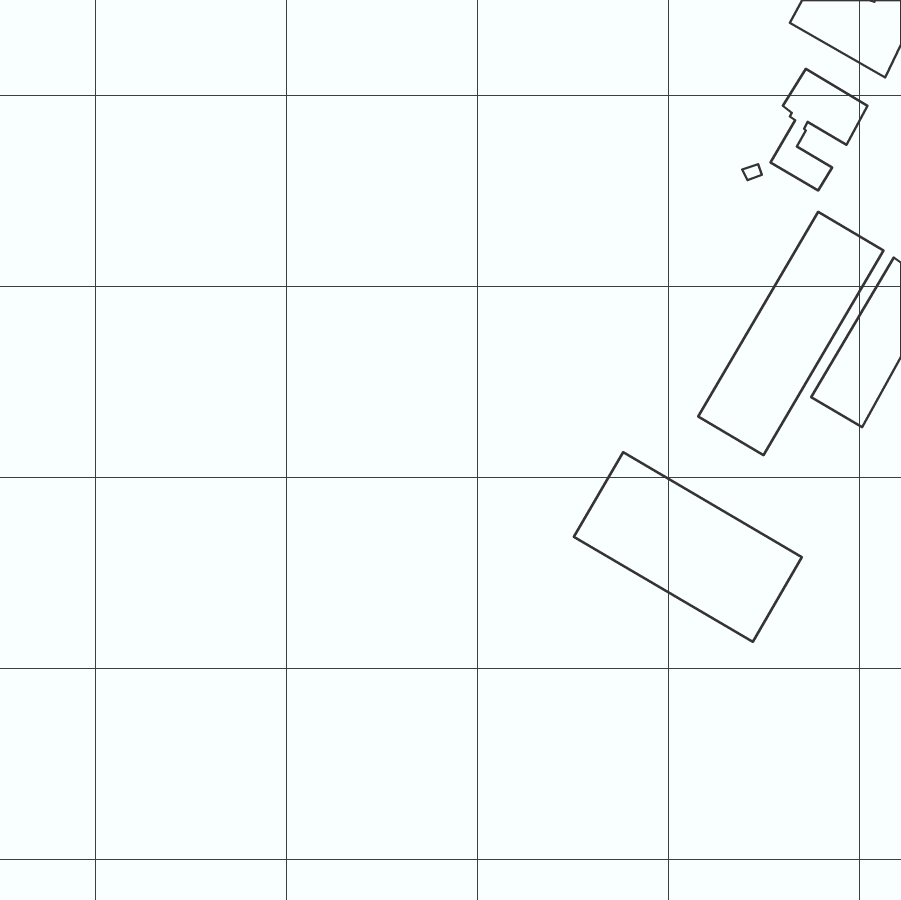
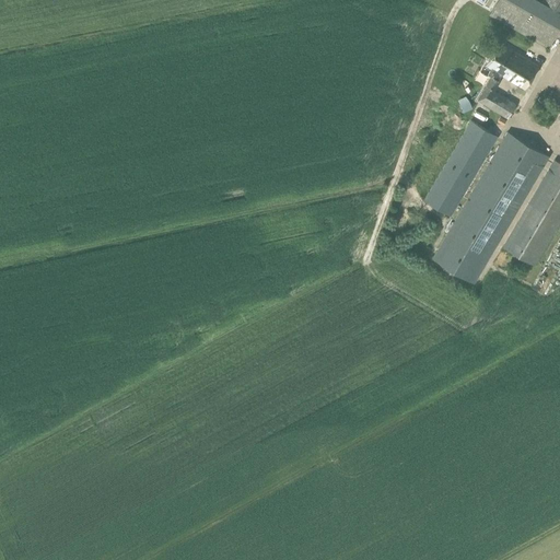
building: none -> [424,121,498,217]
building: [574,452,802,642] -> none

